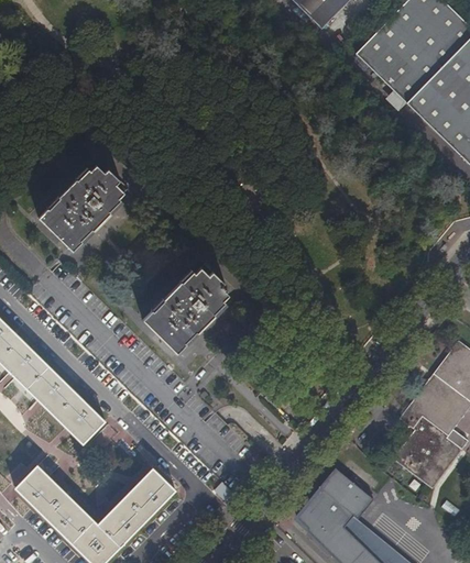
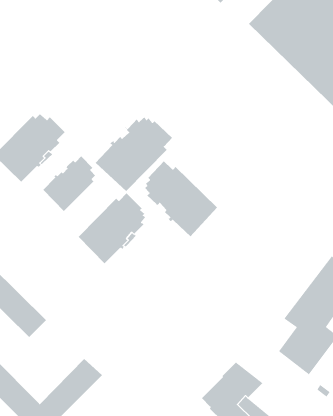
building: none -> [95,117,173,192]
building: none -> [42,156,96,212]
building: none -> [144,161,218,237]

